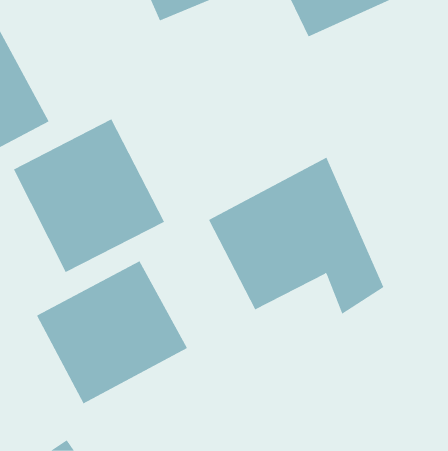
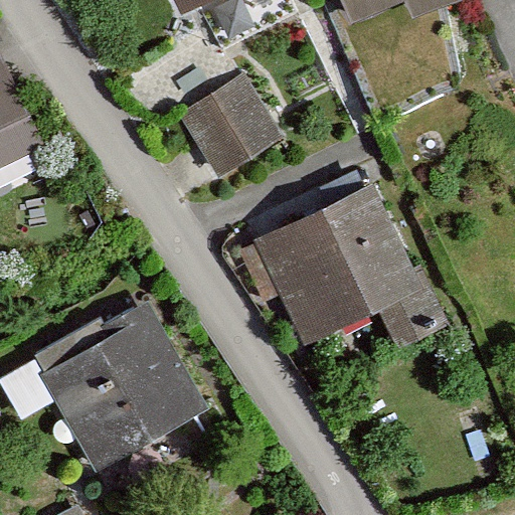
building: none -> [175,80,280,182]
building: [13,119,165,273] -> none

